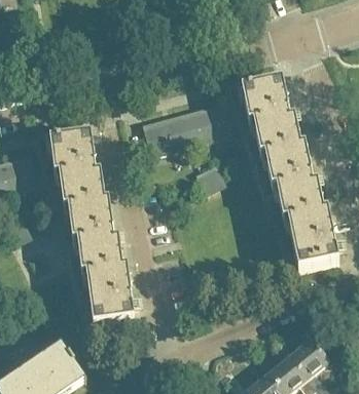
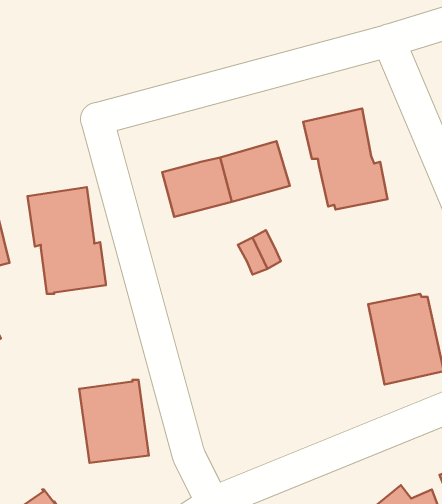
building: [263,142,322,214] -> none
building: [68,200,122,274] -> none

